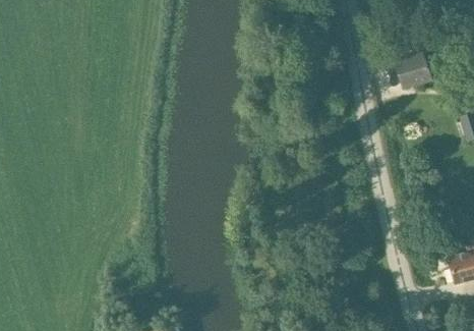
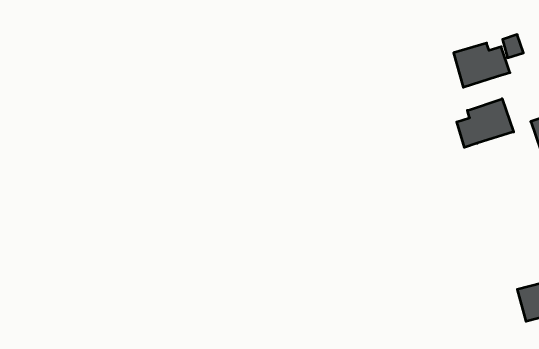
building: none -> [457,99,514,147]

